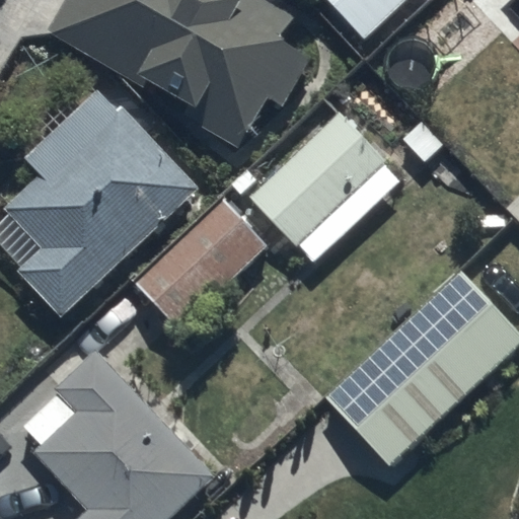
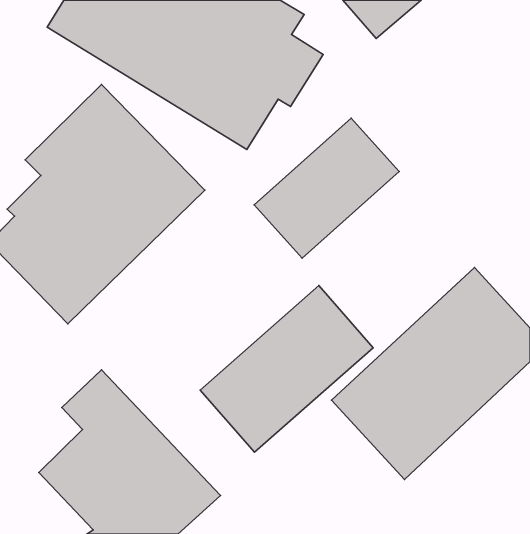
building: [128,195,267,328] -> none
building: none -> [200,286,373,452]

